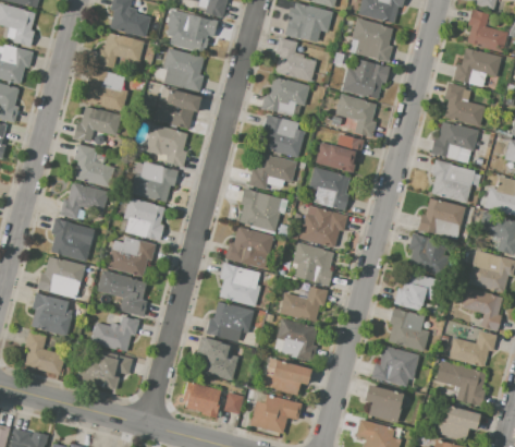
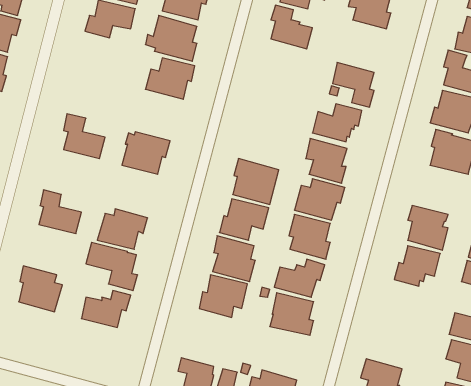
building: [342,59,389,98] -> none
building: [87,68,126,110] -> none
building: [261,76,309,116] -> none
building: [72,106,121,143] -> none
building: [260,114,306,158] -> none
building: [145,123,187,167] -> none
building: [247,153,296,190] -> none
building: [59,183,109,219] -> none
building: [120,197,164,242] -> none
building: [418,198,465,240] -> none
building: [37,257,85,299] -> none
building: [388,307,429,351] -> none
building: [24,331,65,375] -> none
building: [196,336,237,379] -> none
building: [370,346,418,385] -> none
building: [77,351,132,389] -> none
building: [265,359,310,395] -> none

